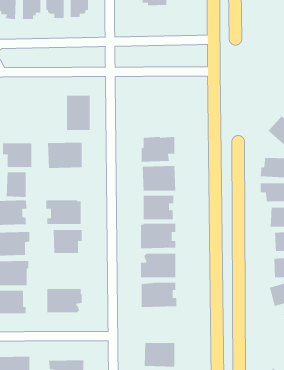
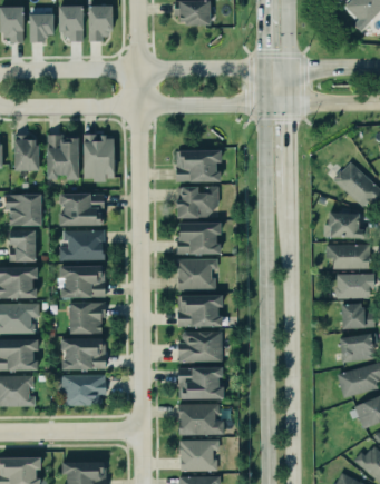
building: none -> [48,135,80,179]
building: none -> [14,137,39,171]
building: none -> [177,150,222,184]
building: none -> [60,230,106,261]
building: none -> [60,337,104,368]
building: none -> [179,404,225,435]

